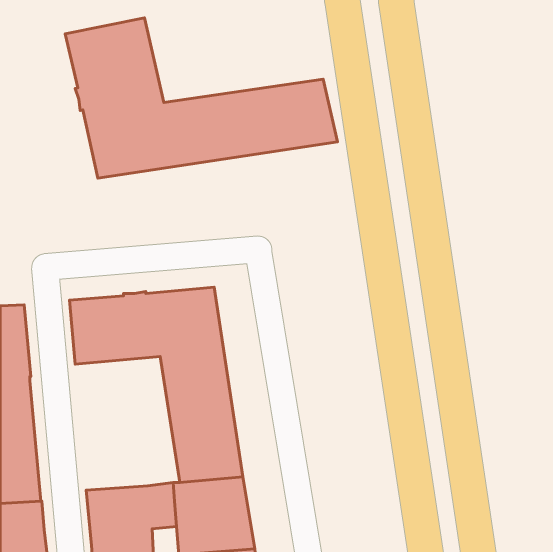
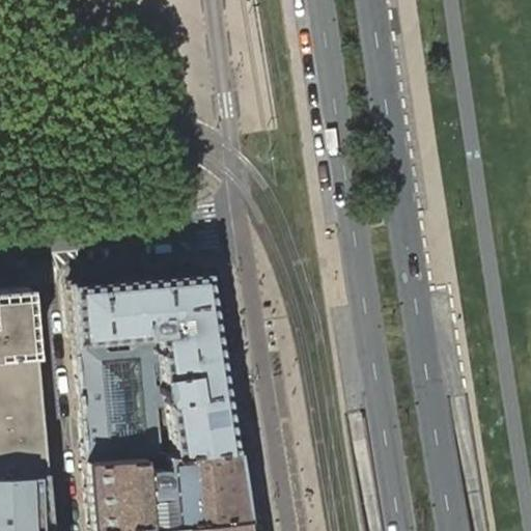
building: [65,18,338,178] -> none
building: none -> [81,346,179,472]

